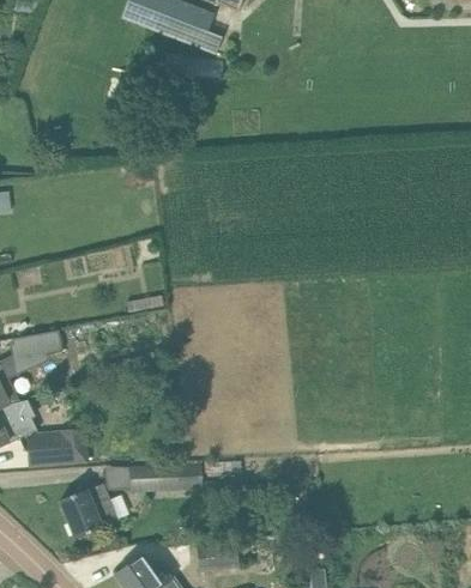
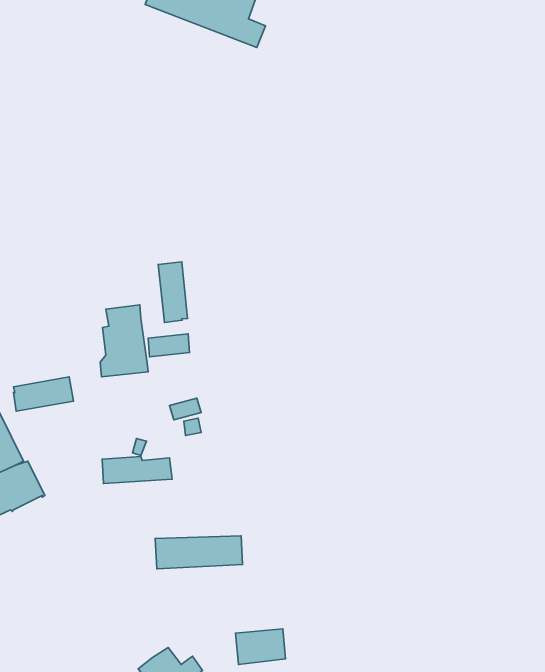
building: none -> [158,262,188,322]
building: none -> [100,305,148,377]
building: [28,443,86,466] -> [102,456,172,484]
building: [60,483,119,538] -> none

